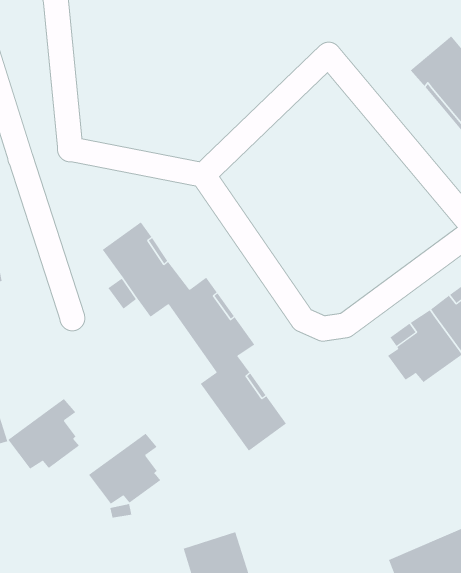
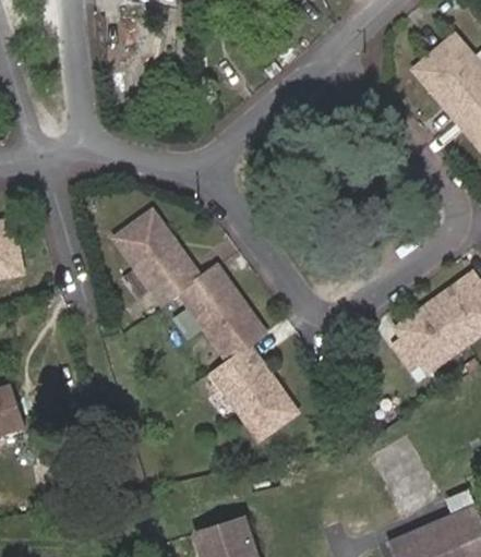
building: [7,398,80,470] -> none
building: [88,433,161,505] -> none

